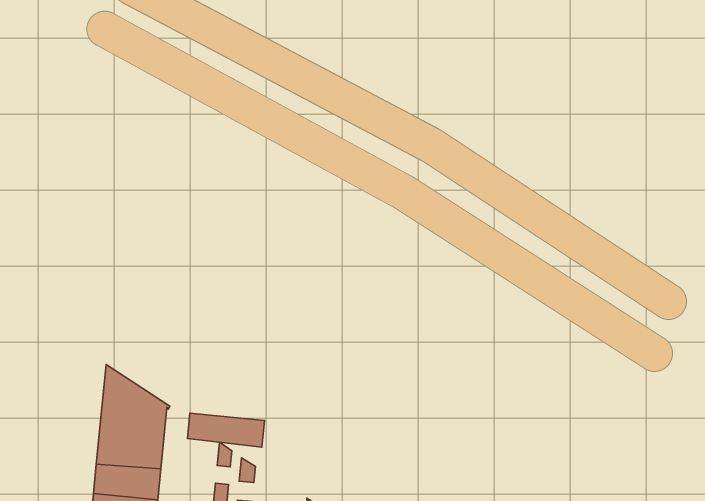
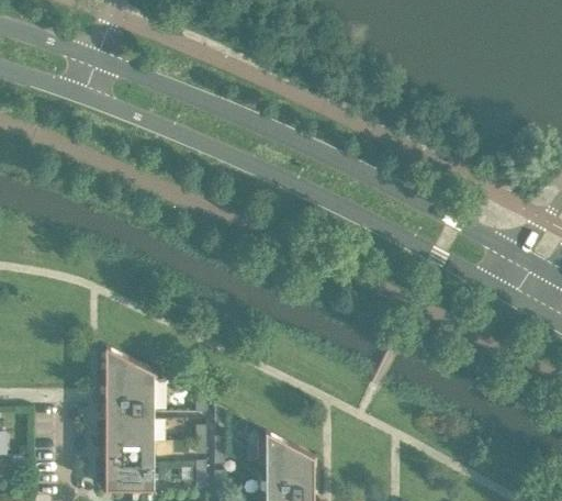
building: [187,413,265,447] -> none

